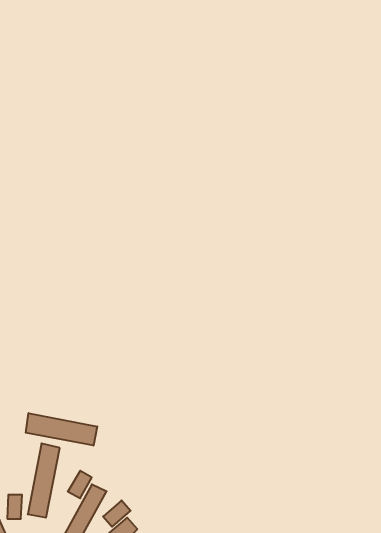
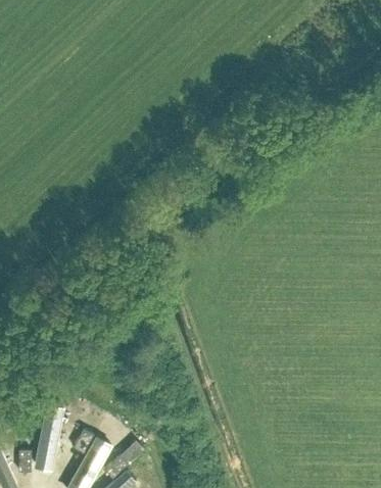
building: [26,413,97,446] -> none

